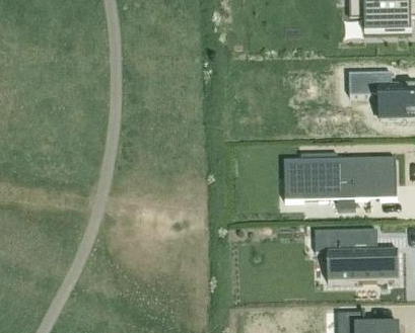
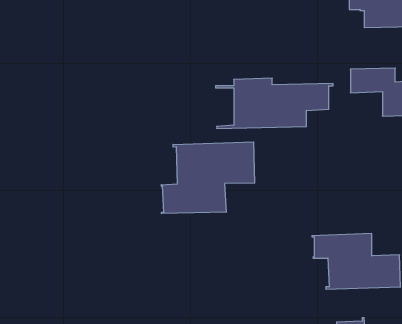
building: none -> [161,142,255,214]
building: [283,153,395,200] -> [216,78,333,128]

